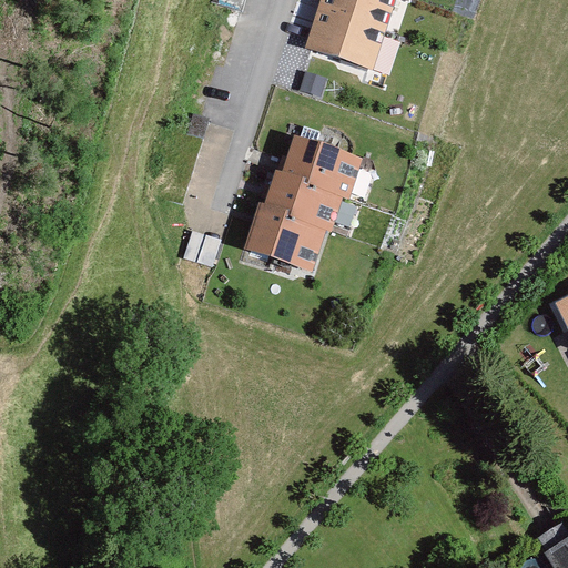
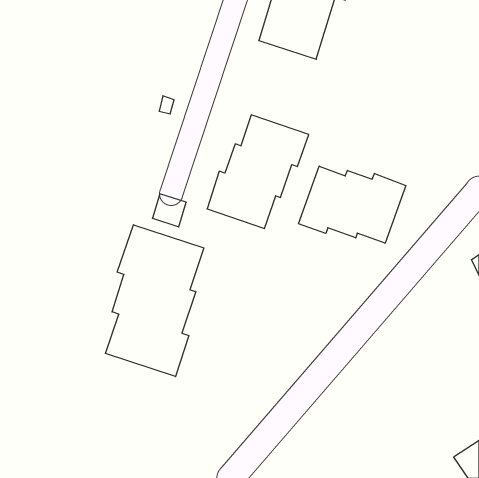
building: none -> [298,166,406,243]
building: none -> [106,225,204,377]

